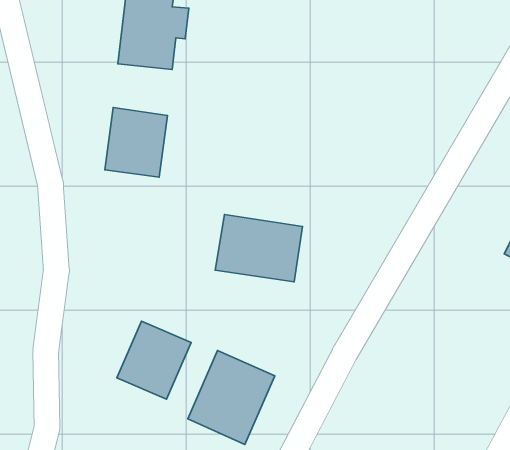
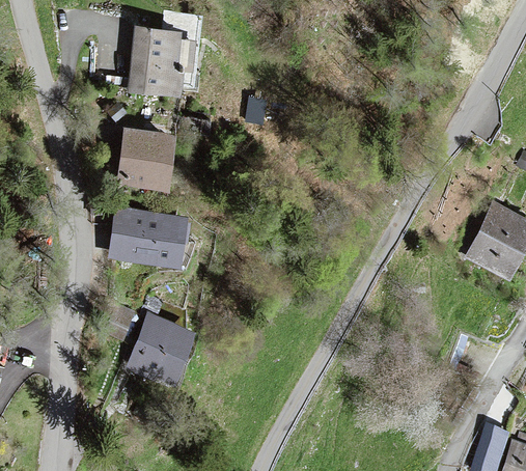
building: [215,215,303,282] -> [110,207,187,267]
building: [188,350,275,444] -> none

